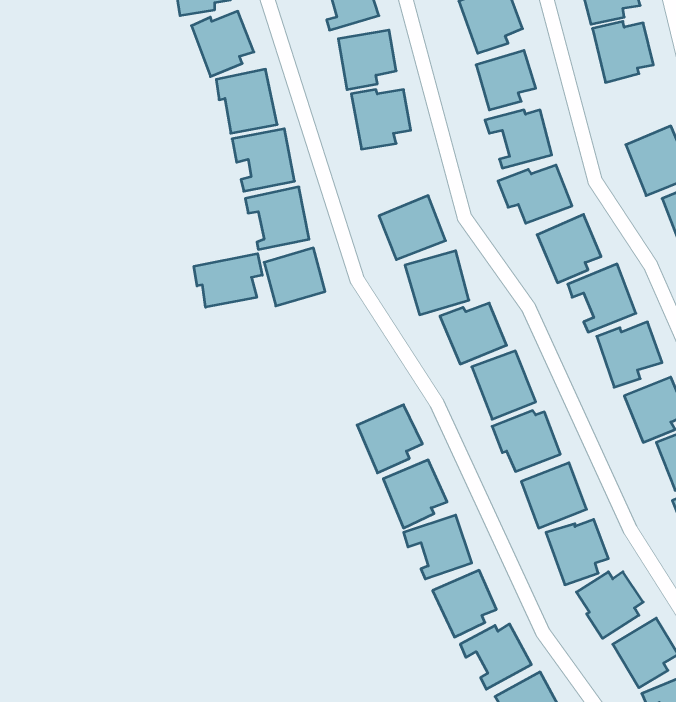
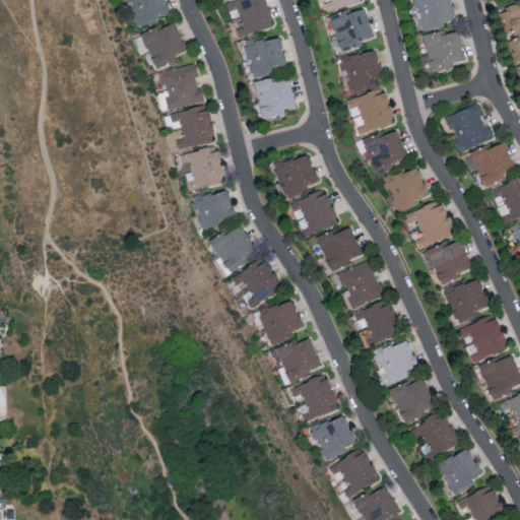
building: [194,254,262,307] -> none
building: none -> [209,225,258,271]
building: none -> [239,261,282,308]

